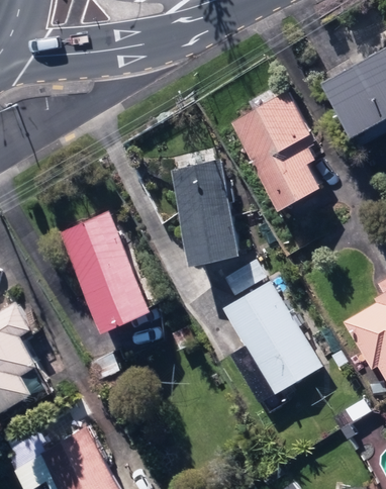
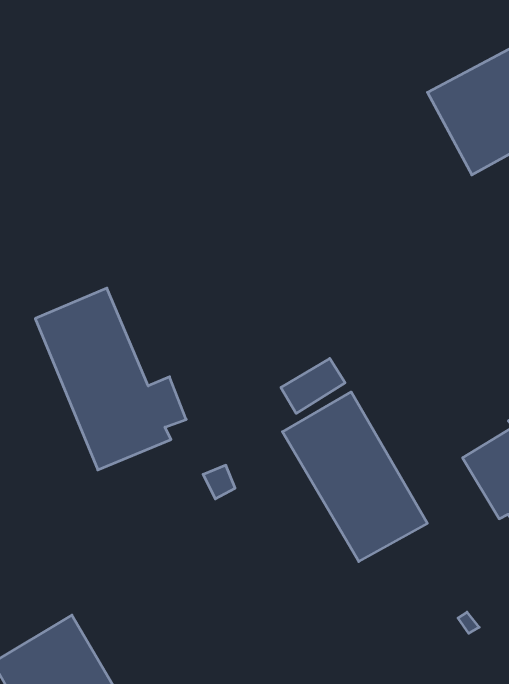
building: [233,95,321,212] -> none
building: [171,164,238,267] -> none

